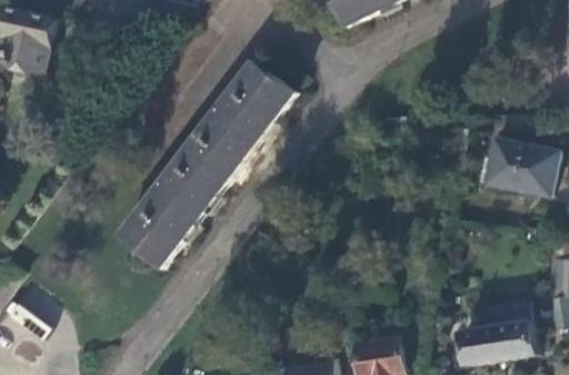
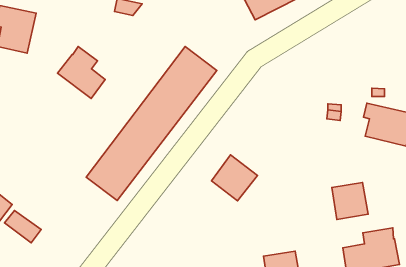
building: none -> [58,46,105,99]
building: none -> [211,155,258,201]
building: none -> [332,182,368,220]

